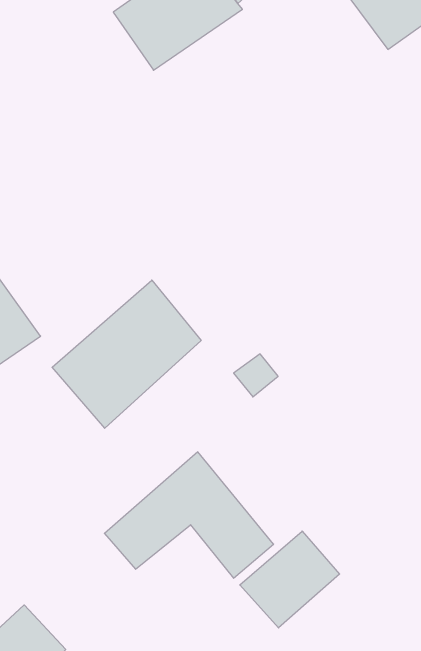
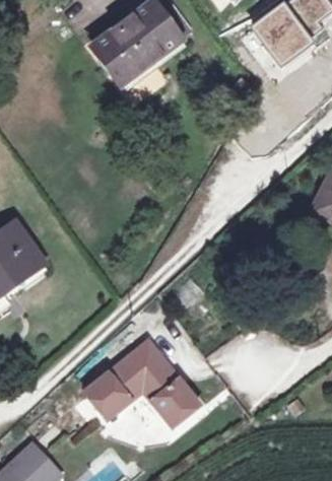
building: [52,280,201,428] -> none
building: [240,531,340,628] -> none

